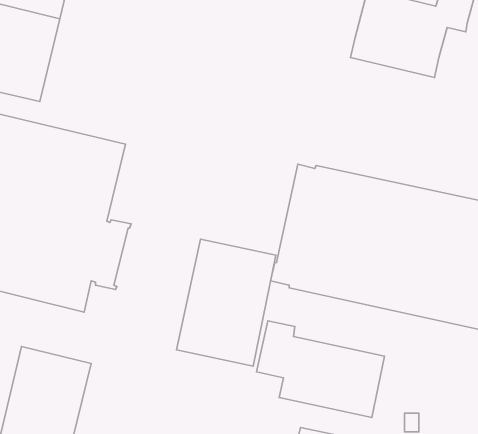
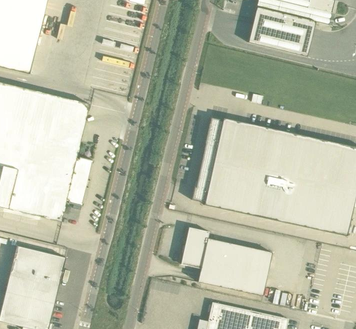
building: [176,239,276,366] -> none

